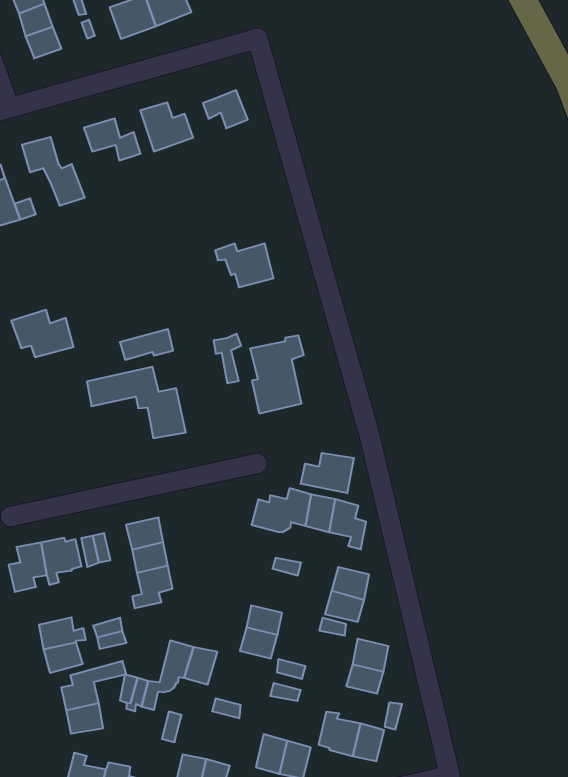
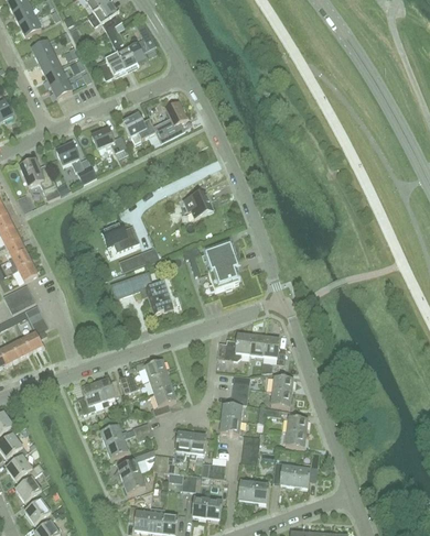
building: [11,310,74,357] -> [100,220,139,249]
building: [301,453,354,493] -> none

